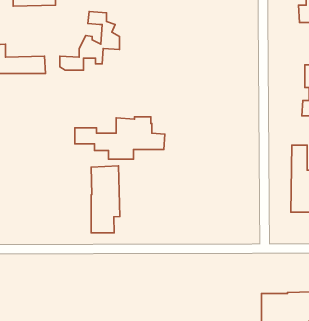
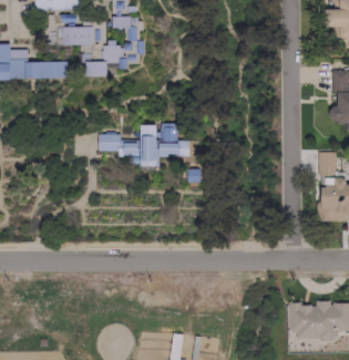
building: none -> [60,27,93,44]
building: [91,166,120,233] -> none

